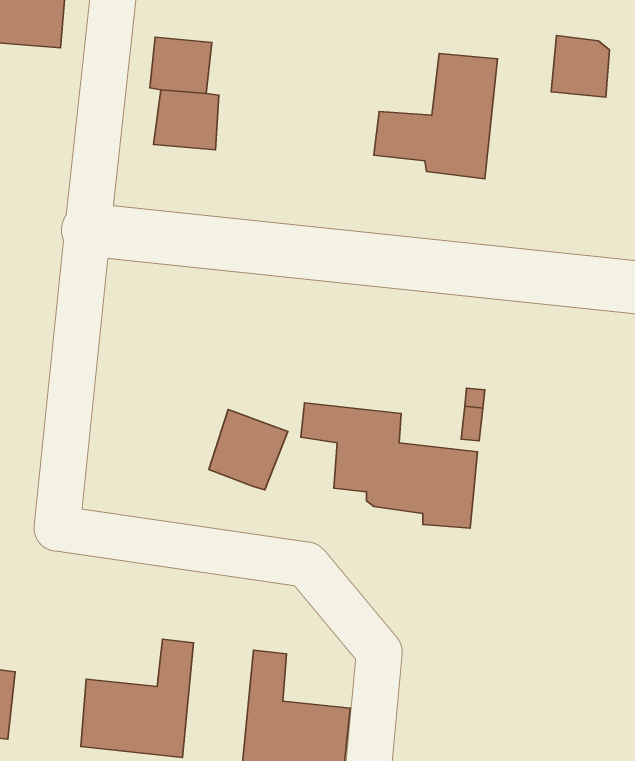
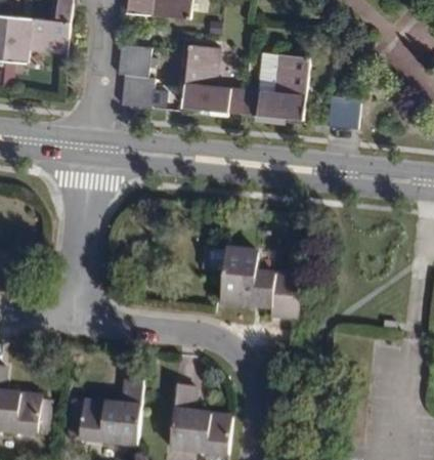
building: [551,35,609,97] -> [329,93,361,128]
building: none -> [182,44,248,113]
building: [209,410,288,490] -> none

